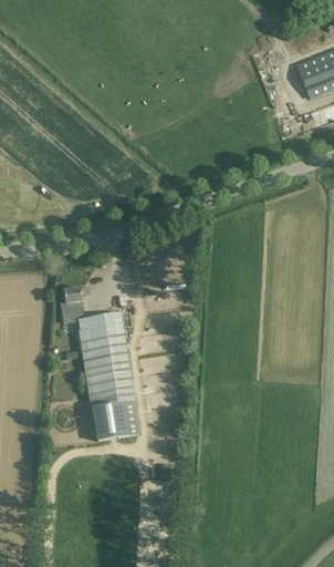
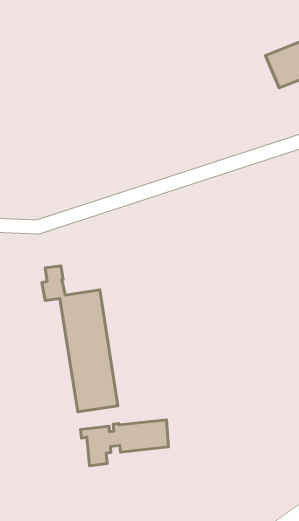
building: none -> [81,420,169,466]

